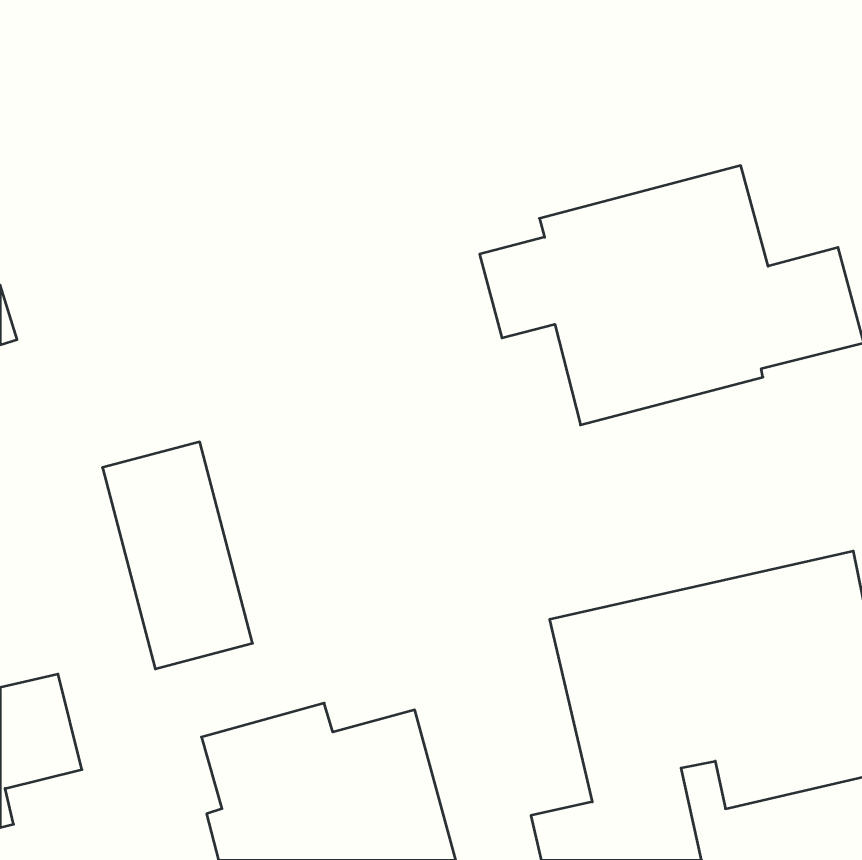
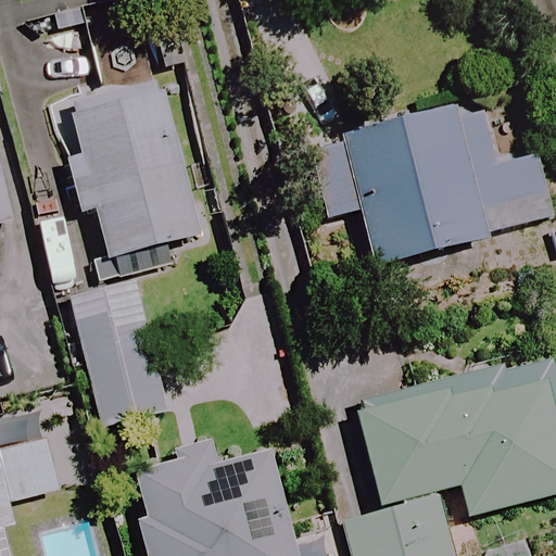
building: none -> [49,77,199,260]

